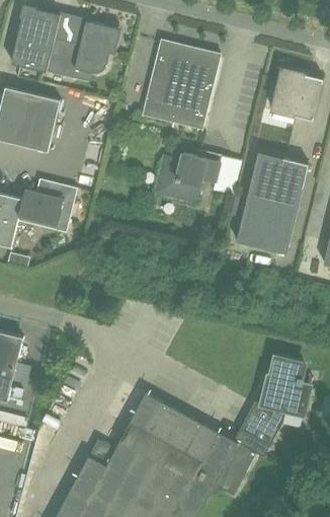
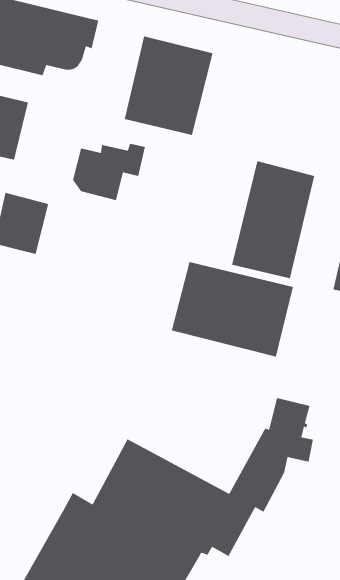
building: [271,69,323,121] -> none
building: [157,152,221,203] -> [72,143,146,201]
building: none -> [171,261,294,358]

